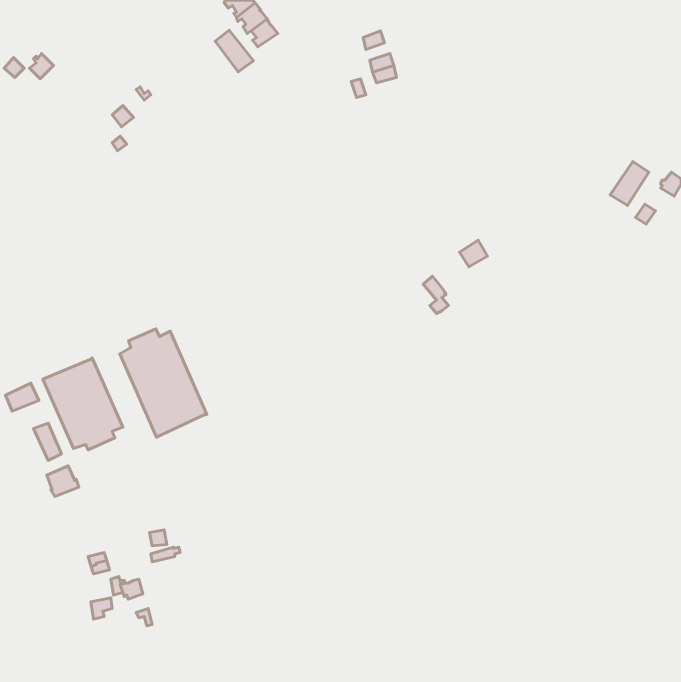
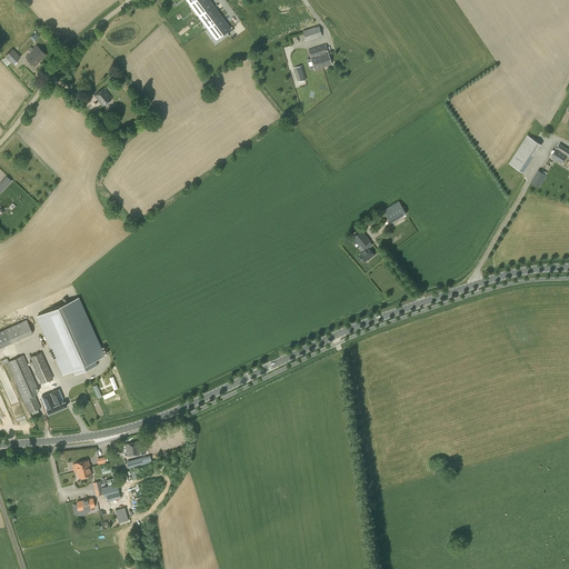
building: [215,30,254,72] -> none
building: [120,329,207,437] -> none
building: none -> [6,355,40,413]

